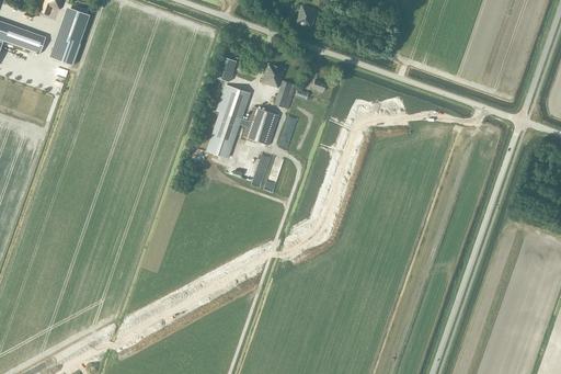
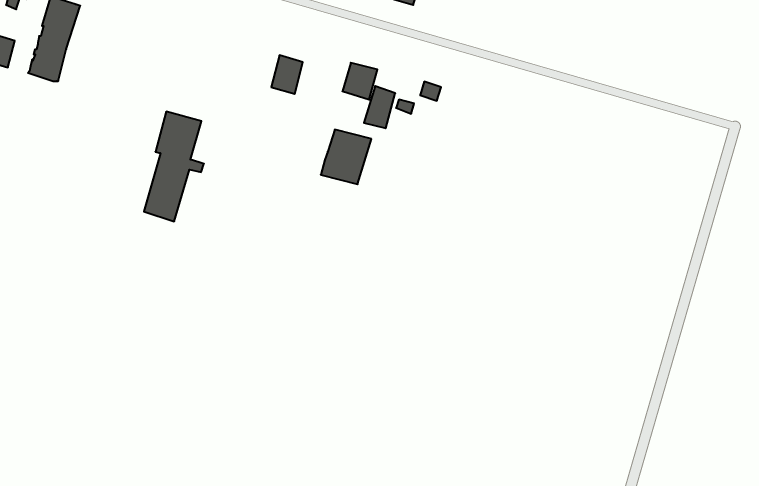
building: [207,84,249,158] -> [144,112,204,221]

